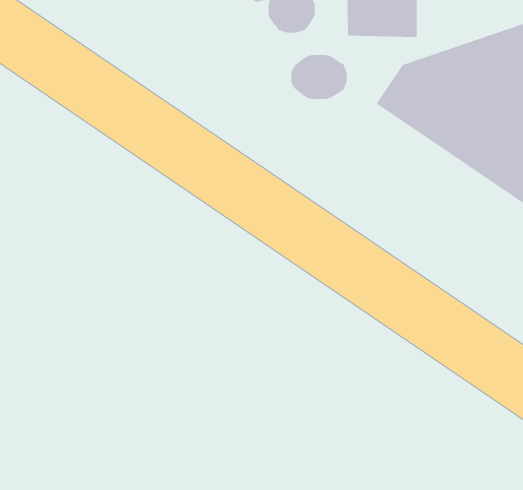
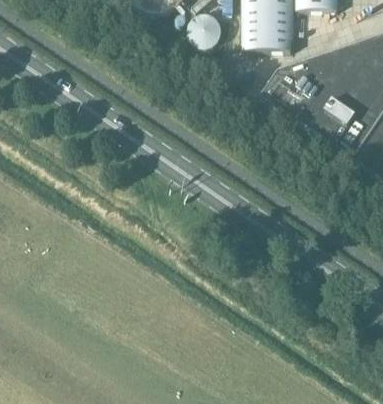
building: [291,54,347,100] -> none

